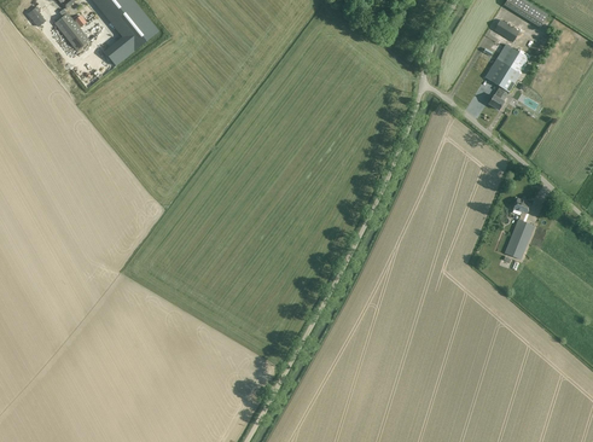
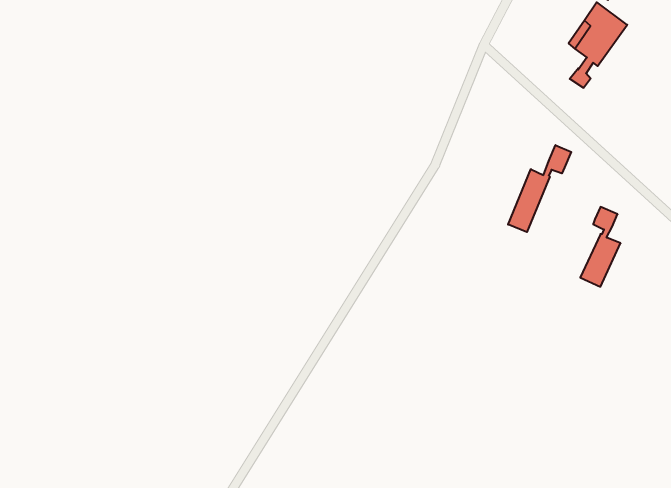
building: none -> [508,145,571,232]

